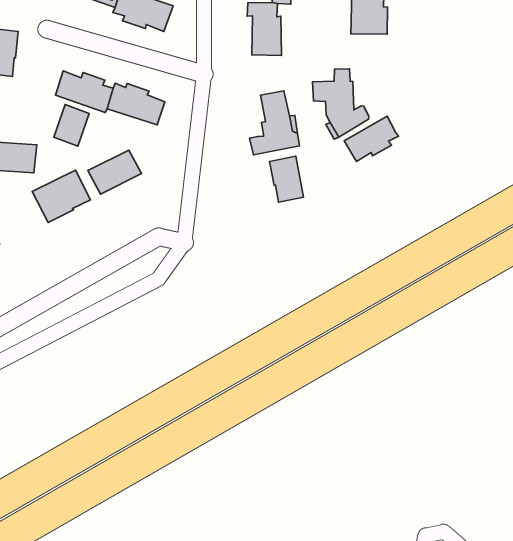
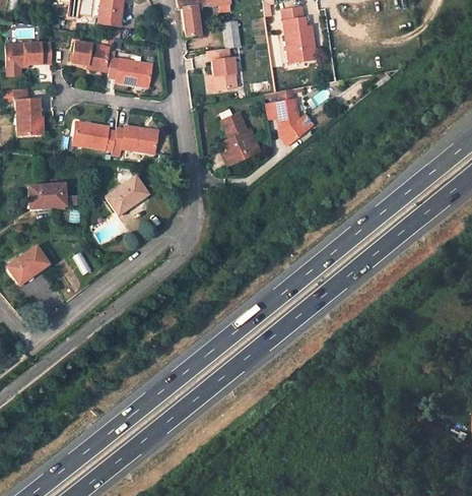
building: [54,105,89,146] -> none
building: [344,116,398,162] -> none
building: [270,156,303,202] -> none
building: [32,170,91,223] -> none

